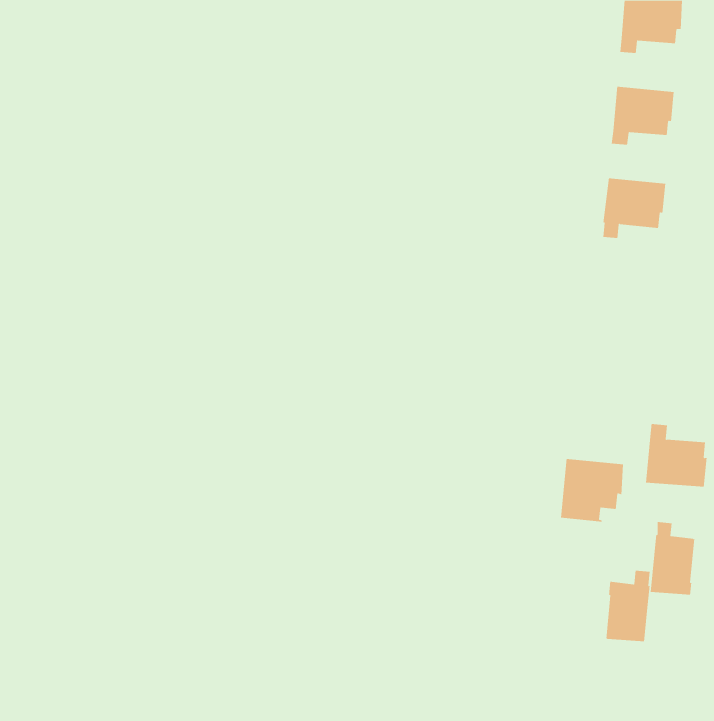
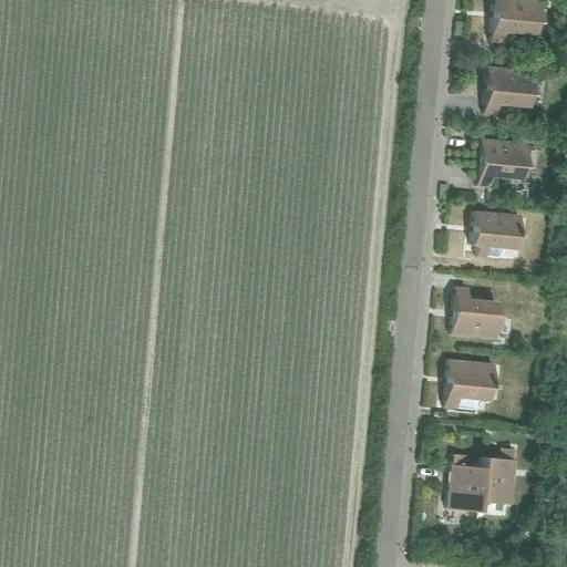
building: none -> [473,212,522,258]
building: [645,424,707,487] -> [452,288,501,338]
building: [650,522,695,595] -> [449,454,484,512]

